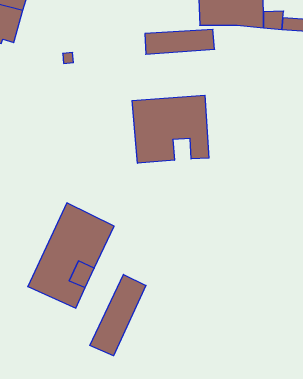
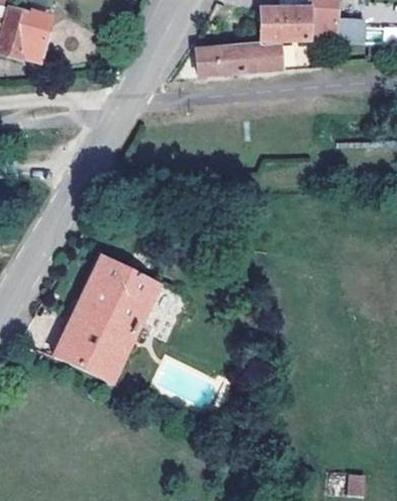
building: [132,95,209,163] -> none
building: [90,274,146,356] -> none

